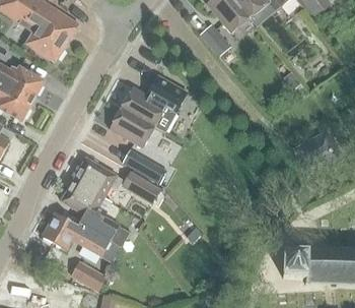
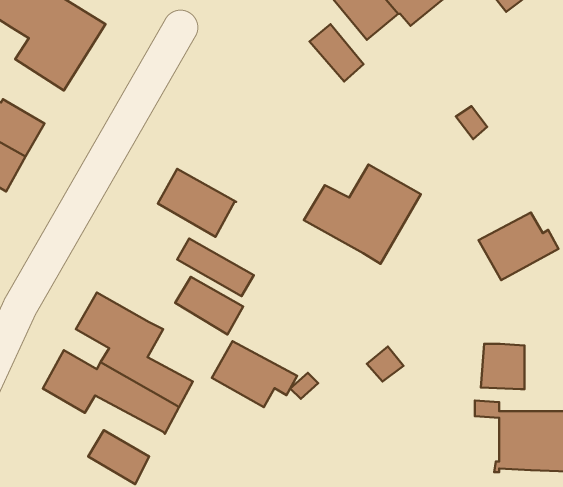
building: [121,74,189,132] -> [304,164,421,264]
building: [74,158,124,196] -> [212,341,297,407]
building: [283,251,308,278] -> [481,344,524,389]

